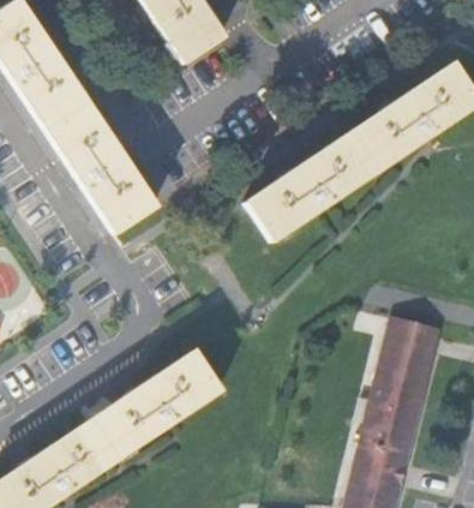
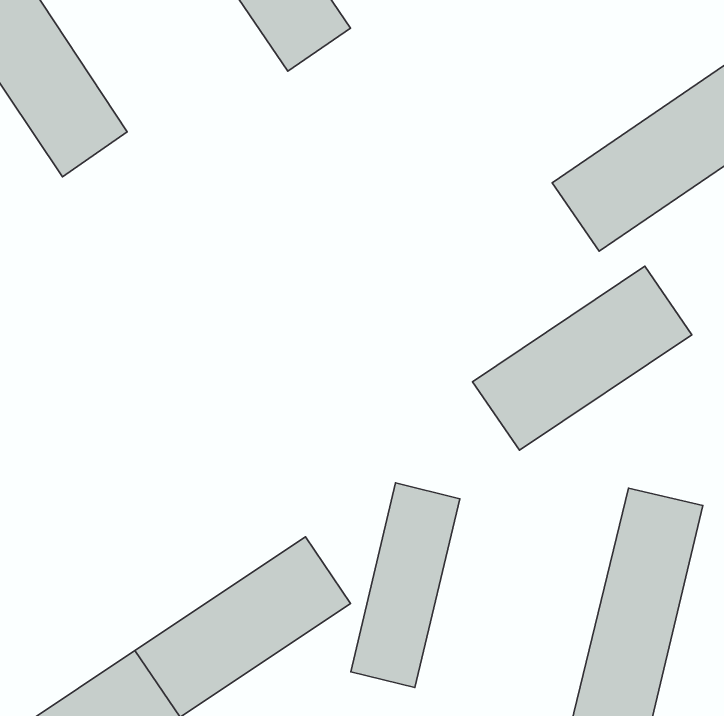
building: [47,100,160,235] -> none
building: [241,131,376,244] -> [473,266,692,450]
building: none -> [351,483,460,688]

